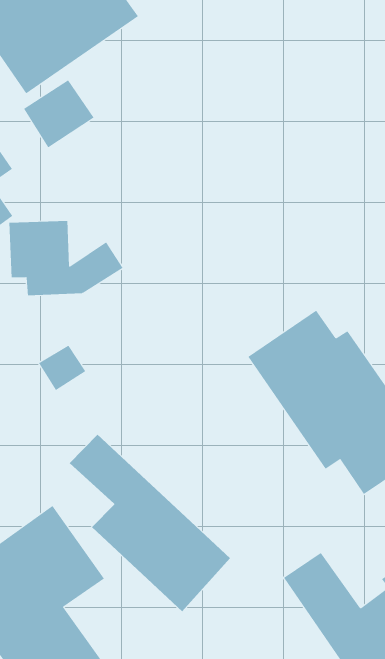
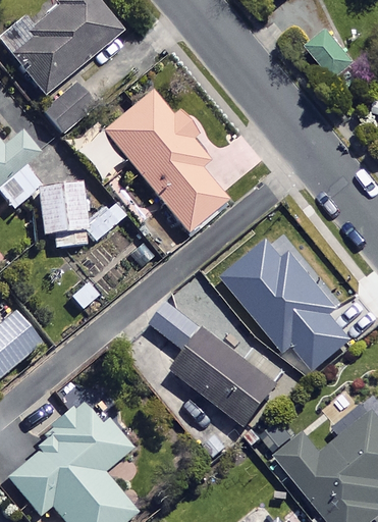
building: none -> [103,90,228,233]
building: [69,434,231,612] -> [153,301,278,427]

